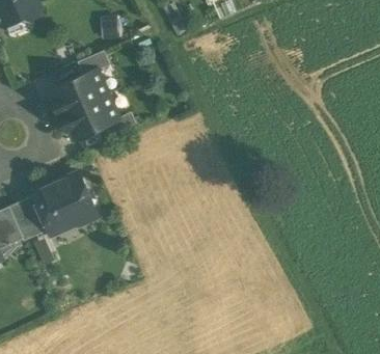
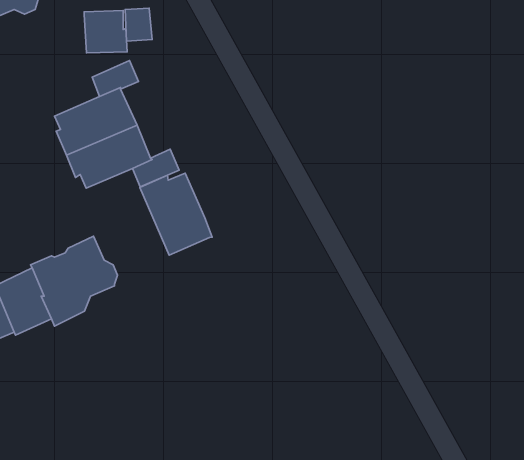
building: none -> [84,11,127,53]
building: none -> [140,173,212,255]

